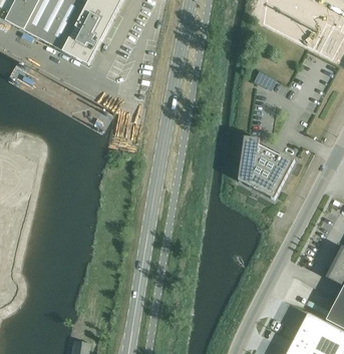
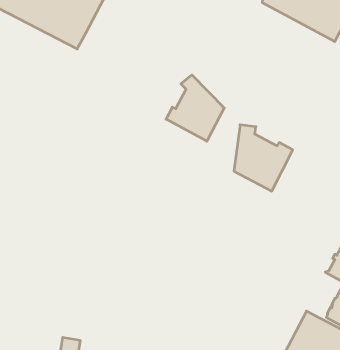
building: none -> [166,75,224,141]

